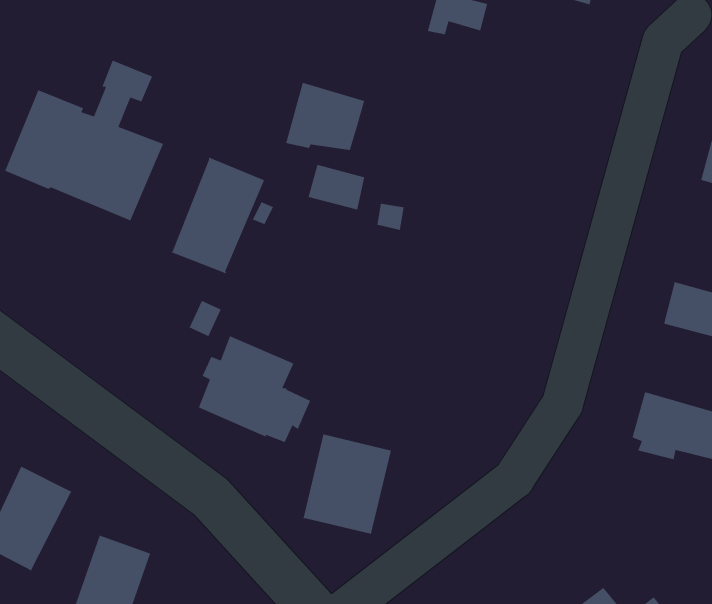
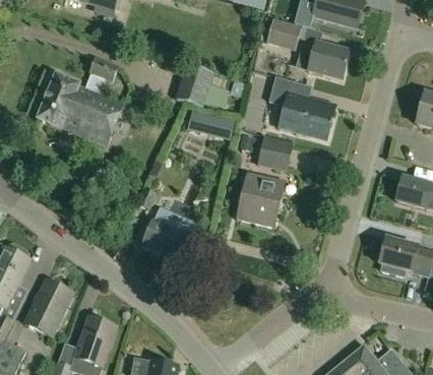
building: none -> [298,40,349,79]
building: none -> [267,76,334,136]
building: [170,157,265,274] -> none
building: none -> [257,136,292,171]
building: [302,434,392,536] -> [235,172,284,228]

